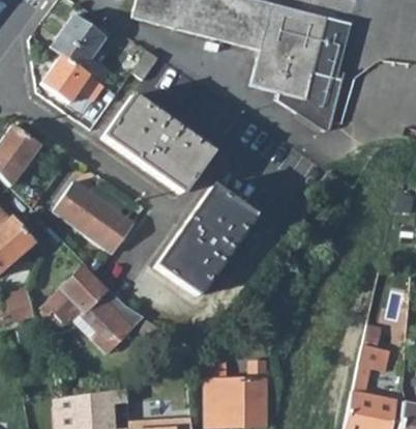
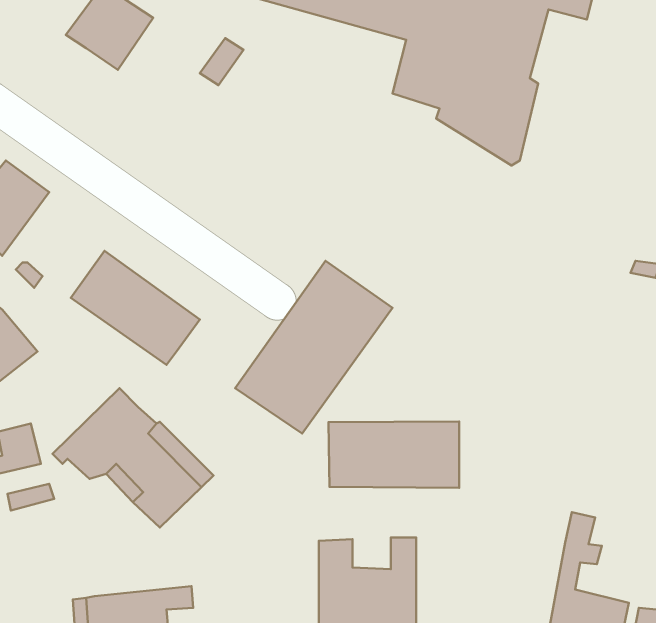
building: [43,56,90,103] -> none
building: [103,97,210,193] -> none
building: none -> [328,422,459,488]

